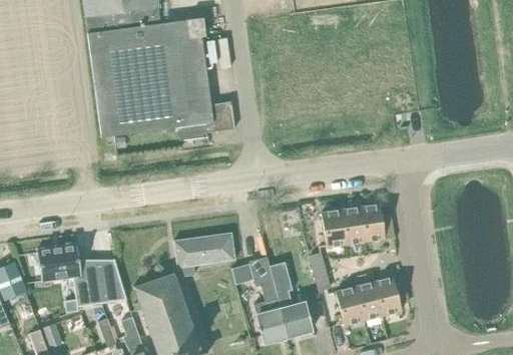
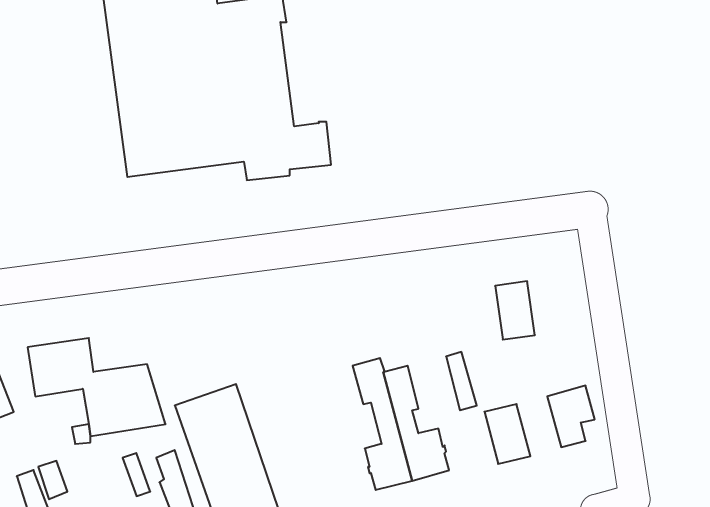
building: [363,204,393,241] -> none
building: [321,209,347,247] -> none
building: [171,233,233,277] -> none
building: [356,281,385,320] -> none

